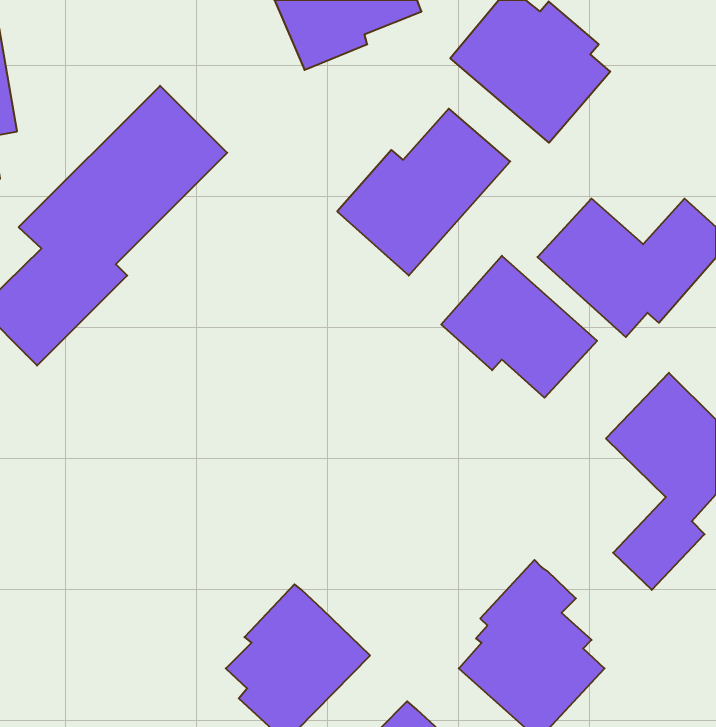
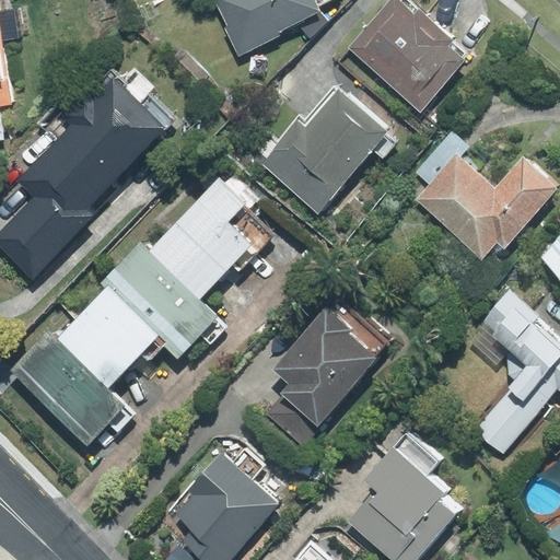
building: none -> [12,176,259,445]
building: [441,256,597,398] -> none
building: none -> [262,306,384,447]

